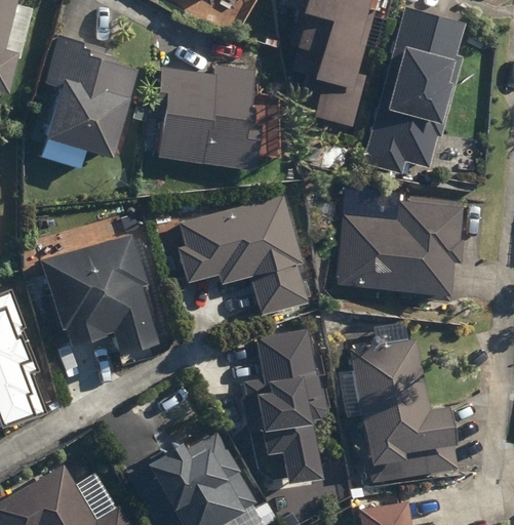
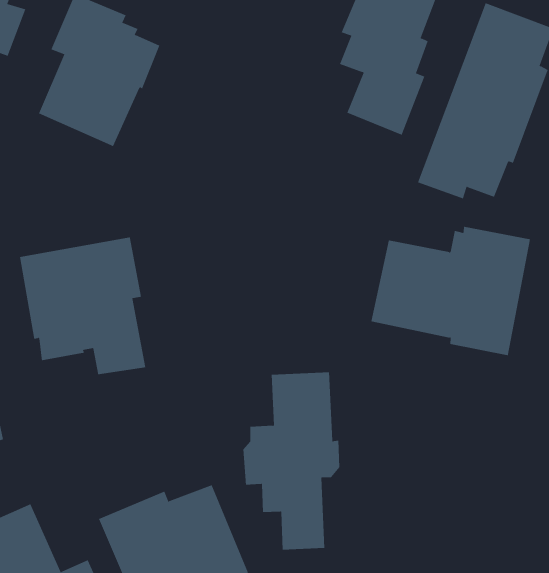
building: [158,66,263,172] -> none
building: [179,194,307,313] -> none
building: [350,339,458,481] -> none

